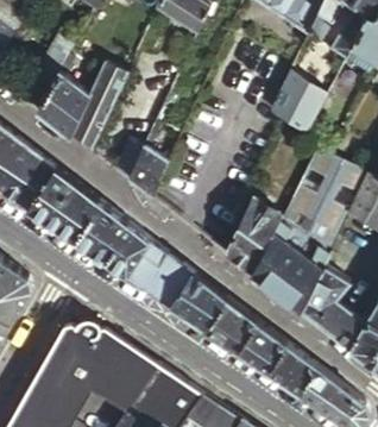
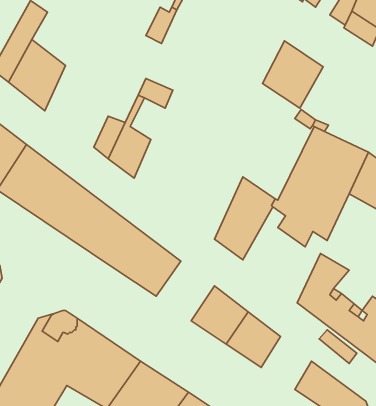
building: [70,63,128,152] -> none
building: [252,225,329,313] -> none
building: [172,275,226,329] -> none
building: [269,344,315,393] -> none

